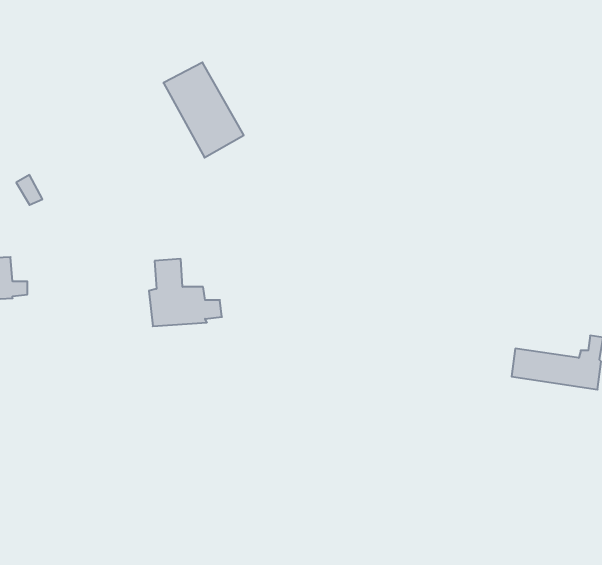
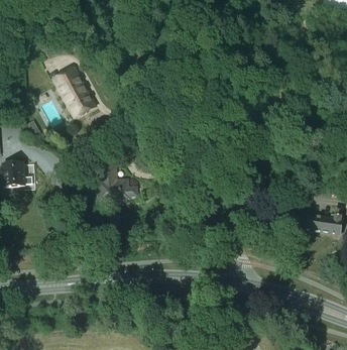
building: [163,62,244,158] -> [52,66,96,117]

